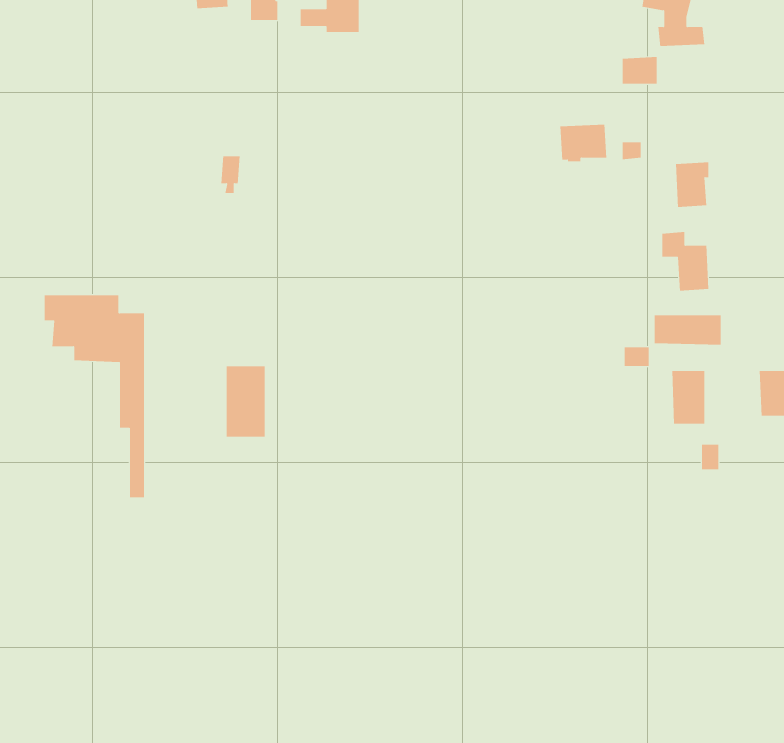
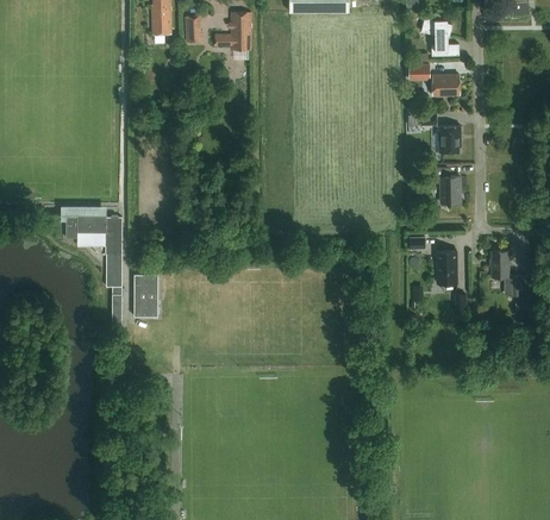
building: [559,124,607,162] -> [430,75,458,98]
building: [654,314,721,346] -> none
building: [226,366,266,437] -> [133,274,157,317]

